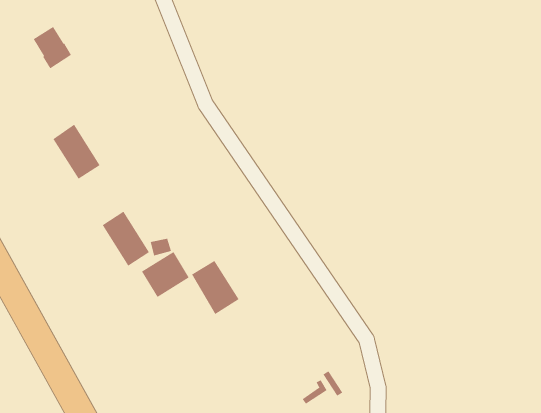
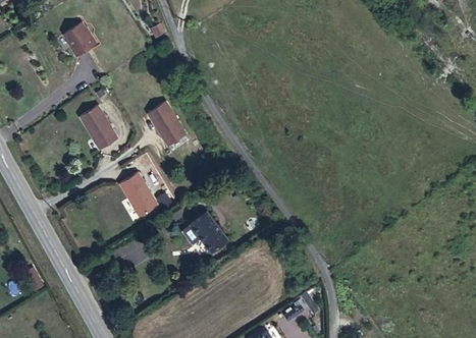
building: none -> [149,100,188,144]
building: [141,251,190,298] -> none

